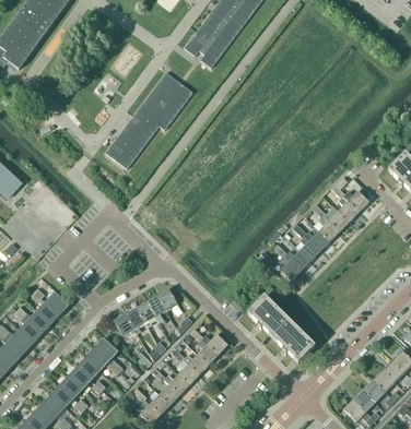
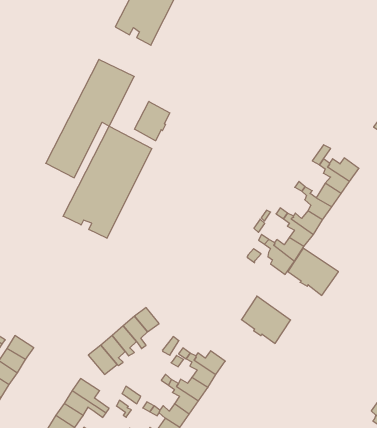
building: none -> [135,101,170,141]
building: none -> [63,126,152,238]
building: [273,320,316,362] -> [288,248,338,295]

